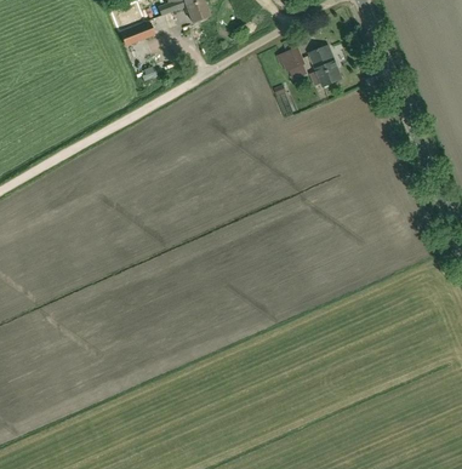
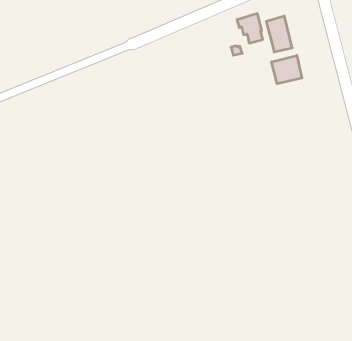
building: none -> [272,55,302,84]

